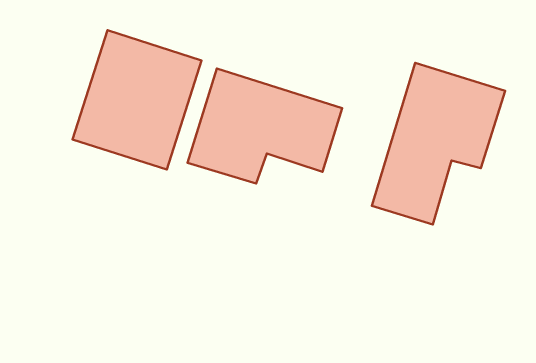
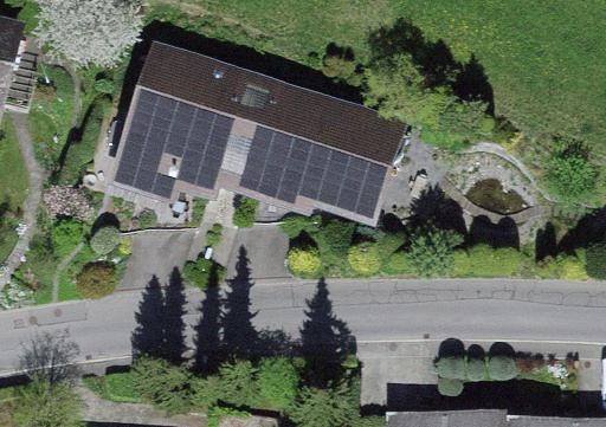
building: [372,63,505,225] -> none

